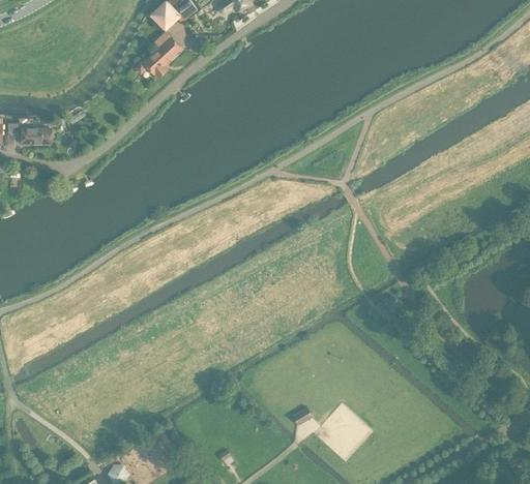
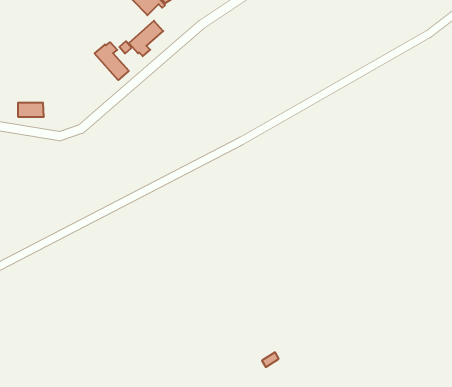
building: none -> [95,42,129,80]

